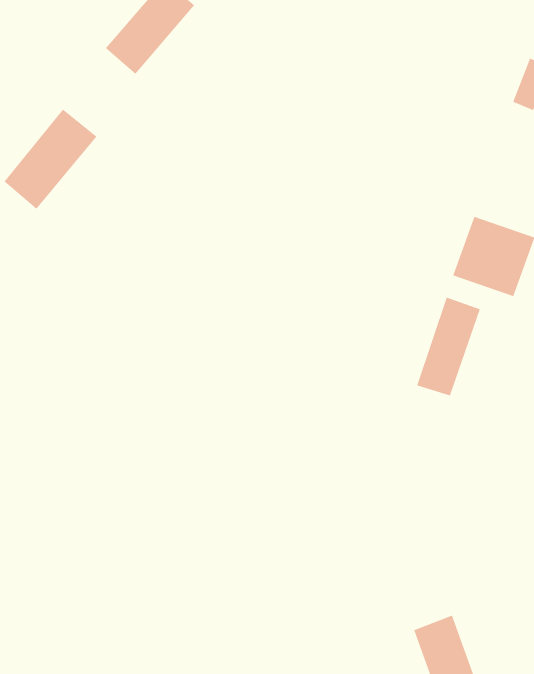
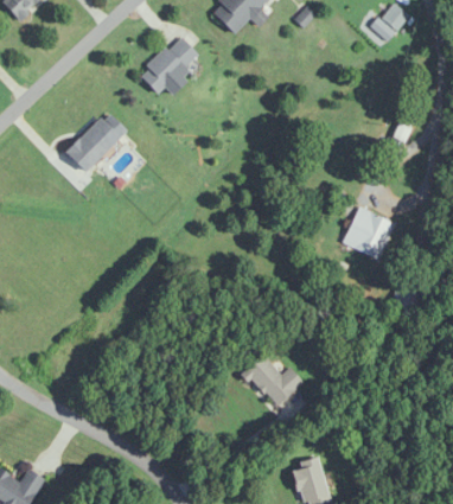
building: [416,297,481,396] -> none
building: none -> [243,355,305,409]

